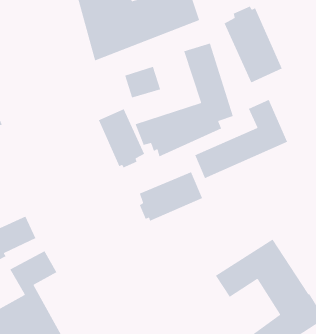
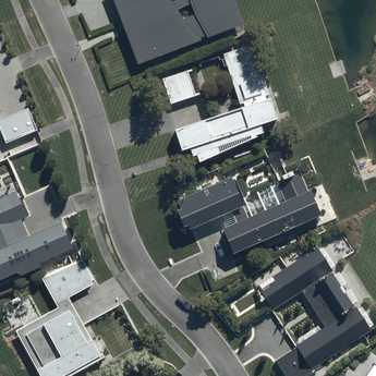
building: [224,6,283,83] -> none
building: [194,99,288,179] -> [221,171,318,254]
building: [98,108,145,168] -> none

